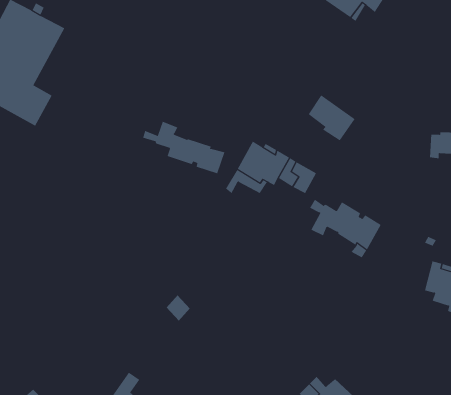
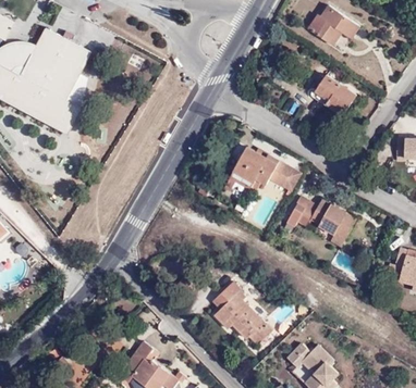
building: [308,95,356,141] -> [315,75,355,114]
building: [142,121,225,174] -> none
building: none -> [212,281,271,345]

